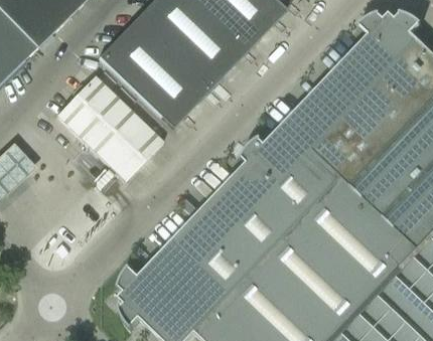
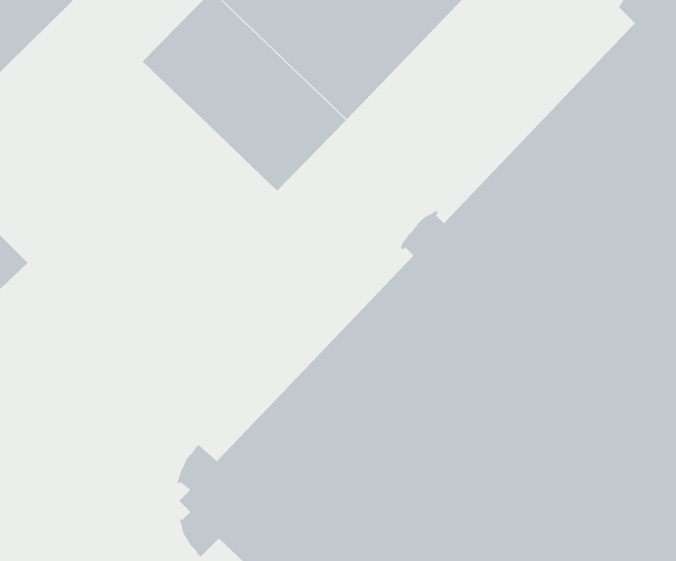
building: [56,75,163,181] -> none

